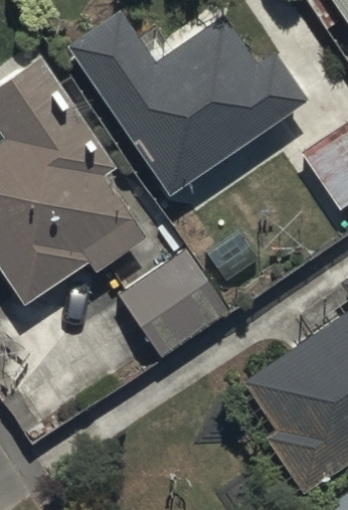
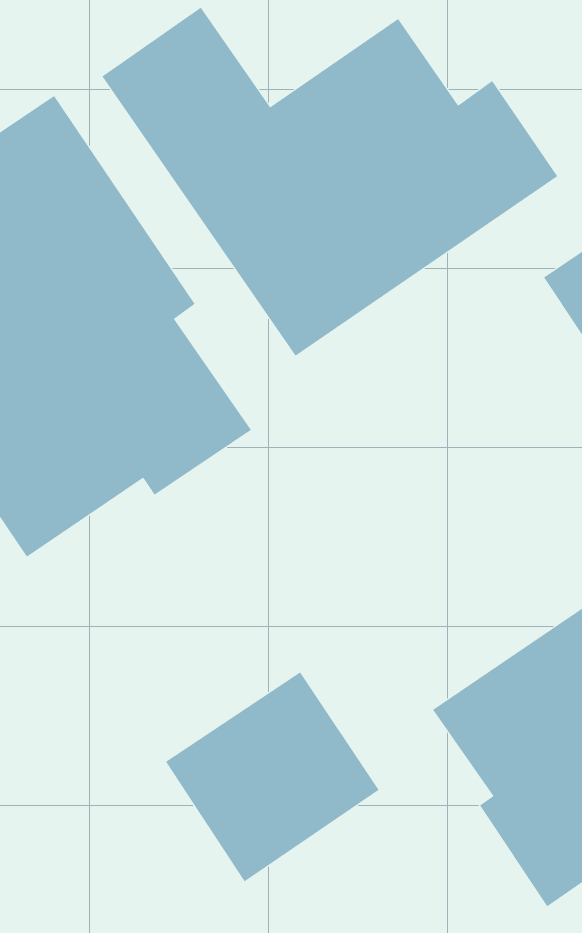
building: [117,248,231,361] -> [165,672,379,882]

